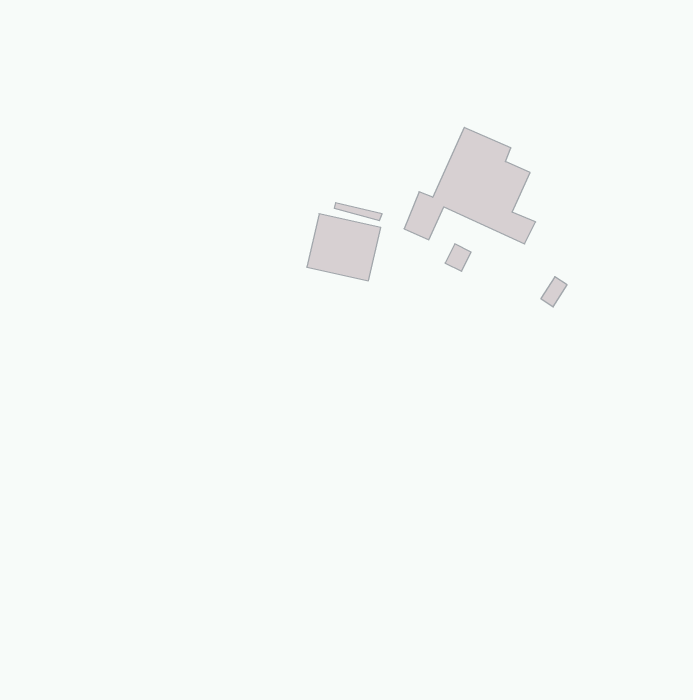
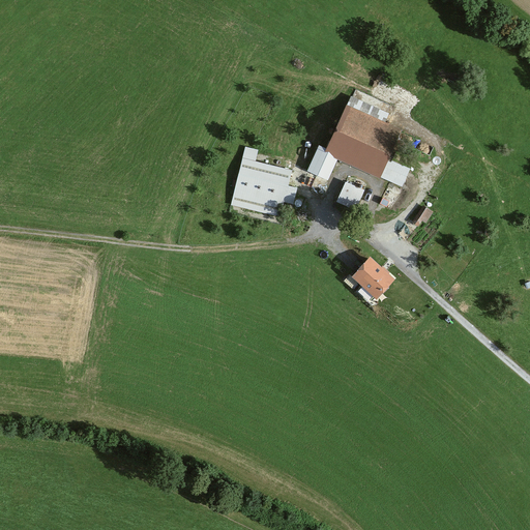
building: none -> [351,259,394,301]

